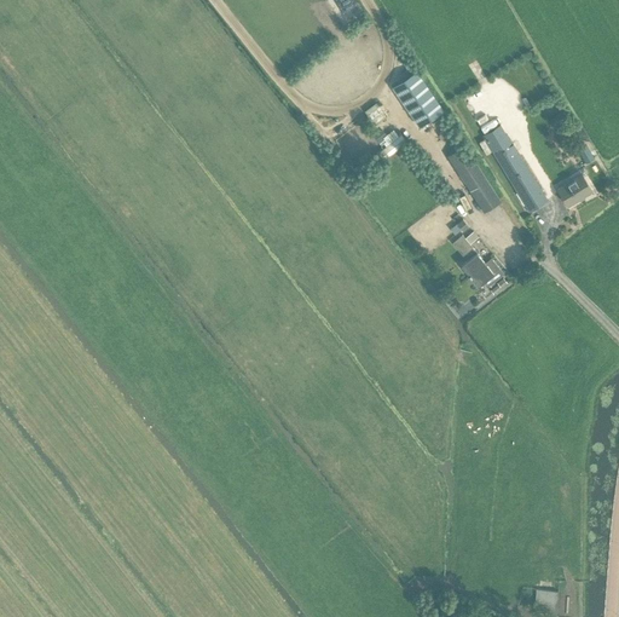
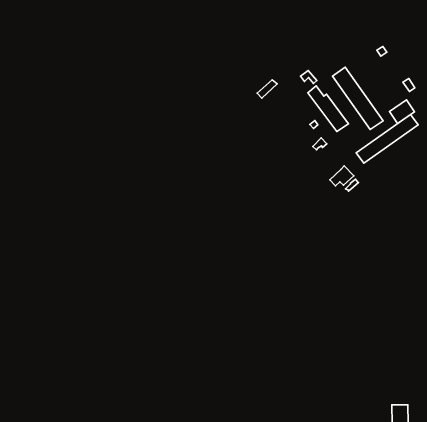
building: [392,70,444,126] -> none
building: none -> [356,114,418,163]
building: [452,231,486,277] -> none

